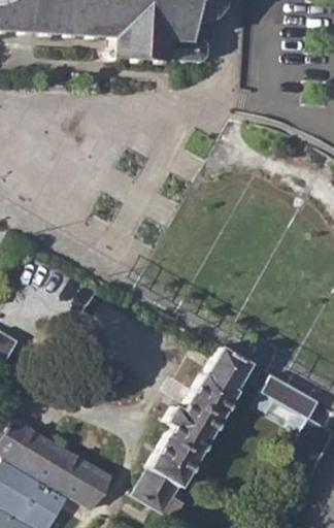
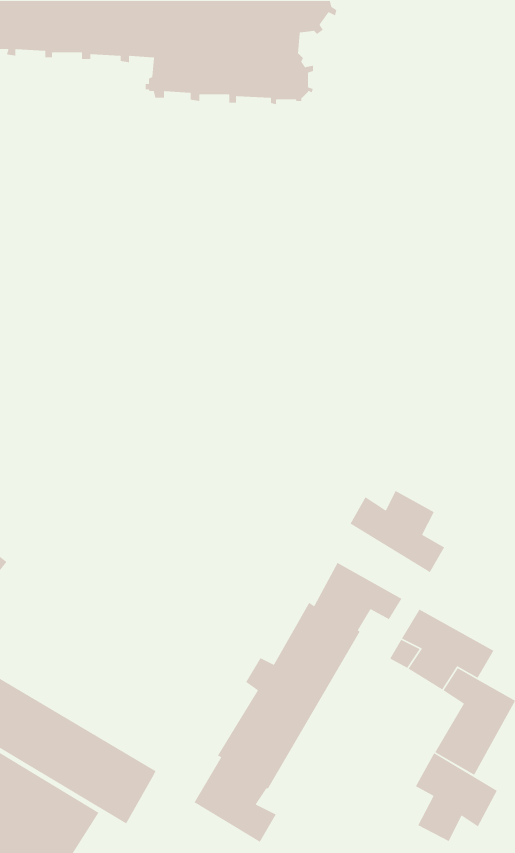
building: none -> [349,490,445,573]
building: none -> [415,752,498,842]

